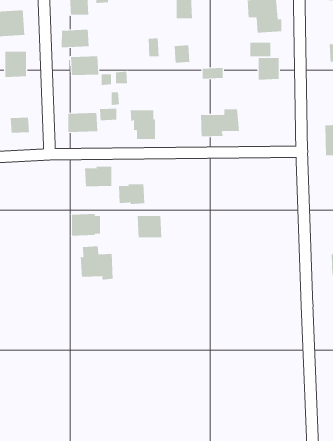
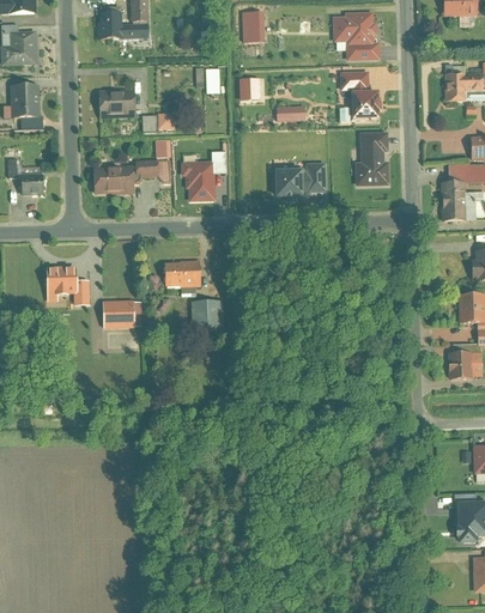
building: [61,29,89,48] -> none
building: none -> [354,132,389,187]
building: [84,166,112,187] -> [53,263,90,291]
building: [80,246,113,280] -> none

